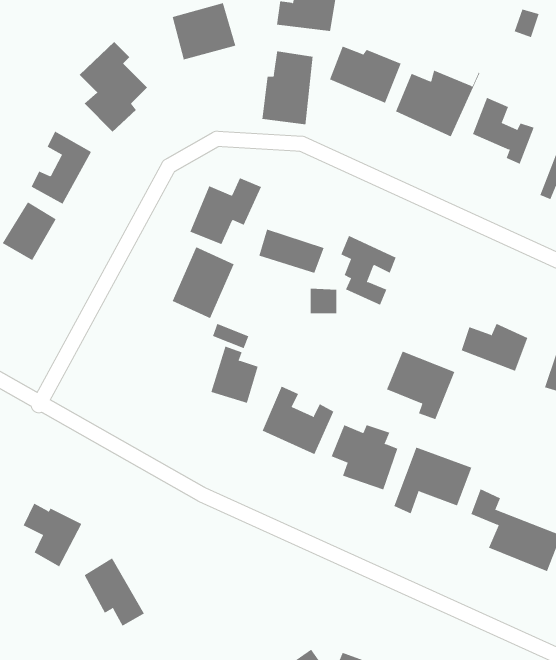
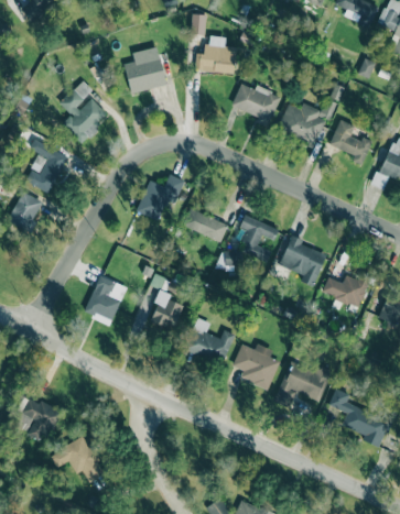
building: [262,51,313,125] -> none
building: [172,247,235,319] -> [84,275,127,325]
building: [386,351,455,420] -> [279,238,326,285]

